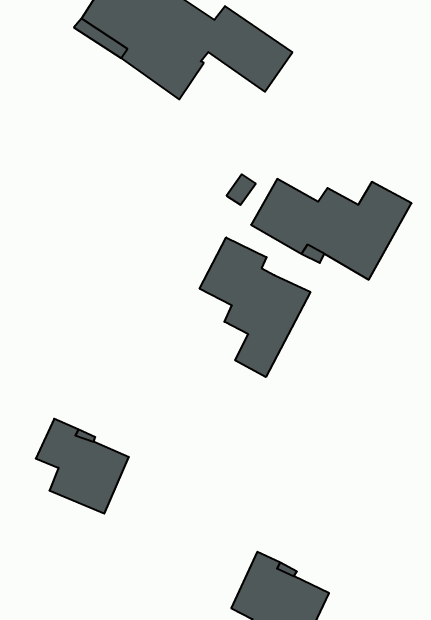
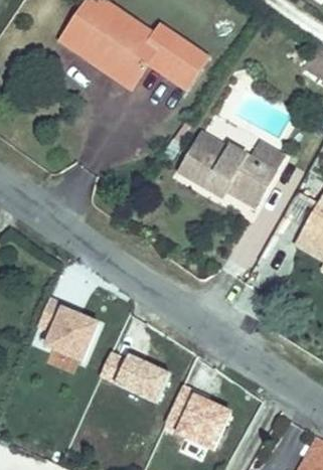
building: [200,237,310,377] -> none
building: none -> [99,351,169,403]

